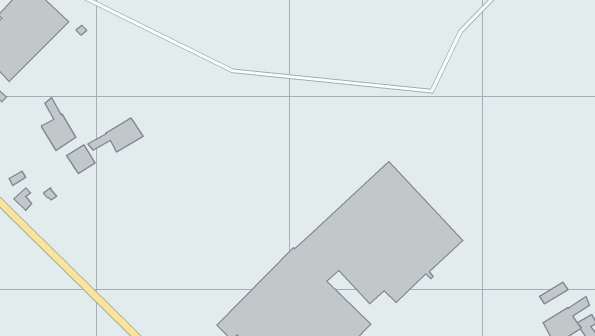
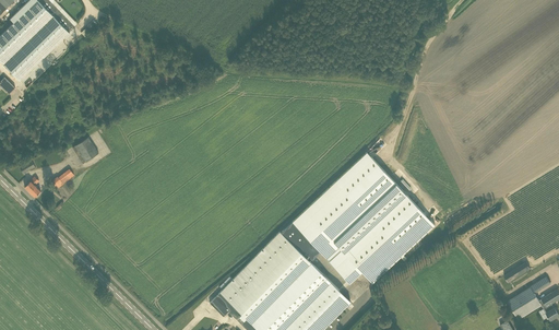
building: [41,97,76,151] -> none
building: [88,118,143,152] -> none

